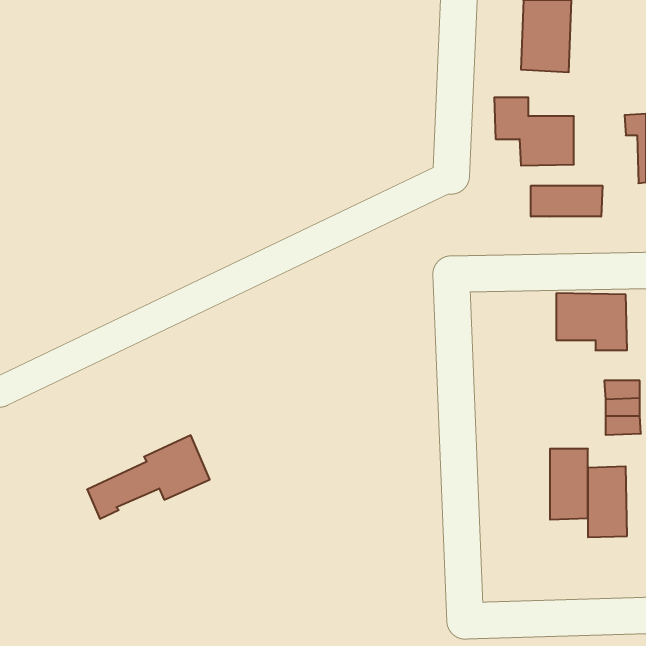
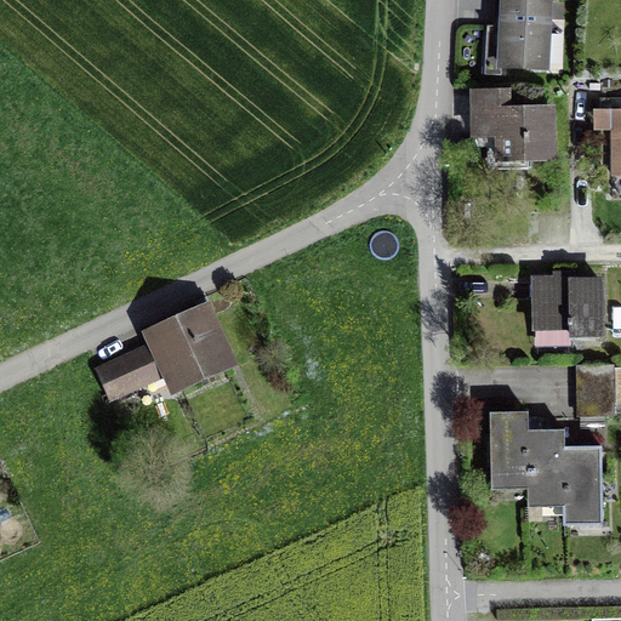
building: [531,186,602,217] -> none
building: none -> [490,412,528,480]
building: [87,435,210,519] -> [103,318,221,398]

